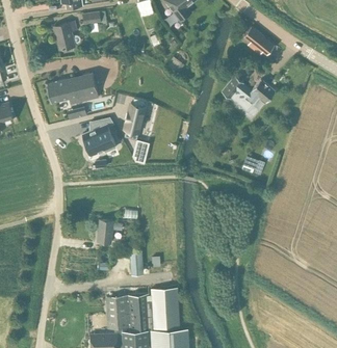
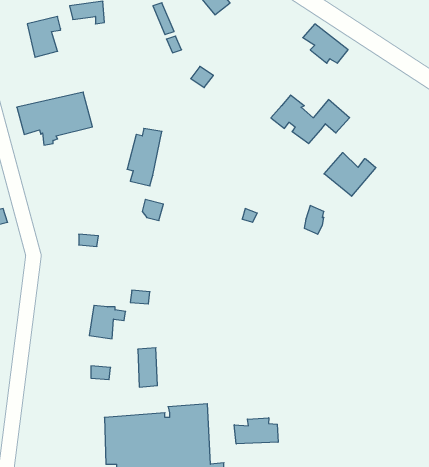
building: none -> [324,153,376,196]
building: [77,119,119,163] -> none
building: none -> [234,418,278,444]

